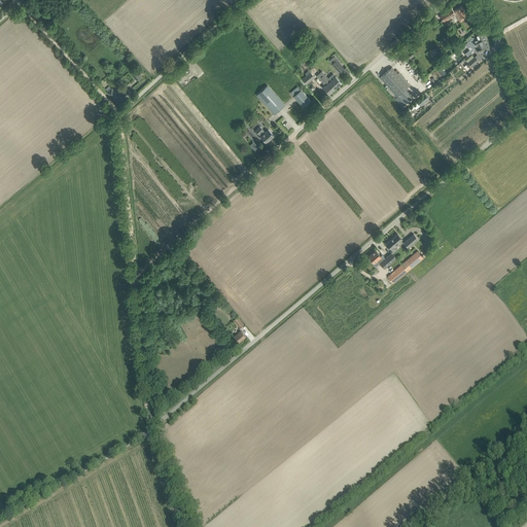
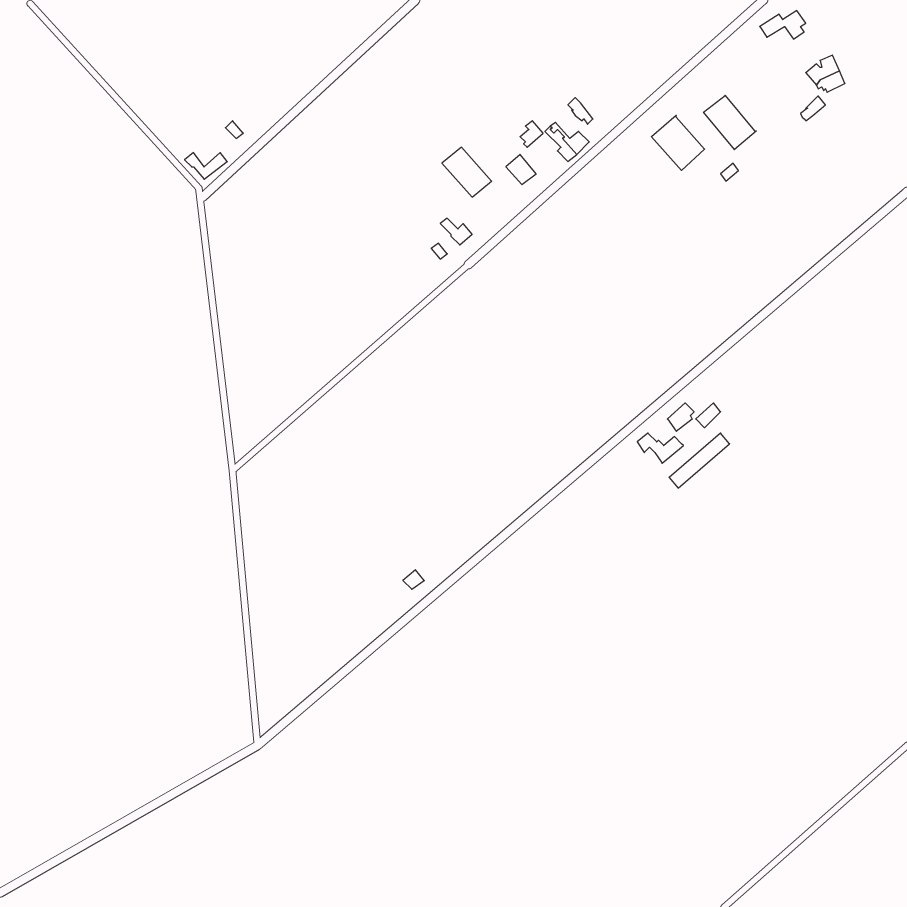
building: none -> [704,95,756,150]

